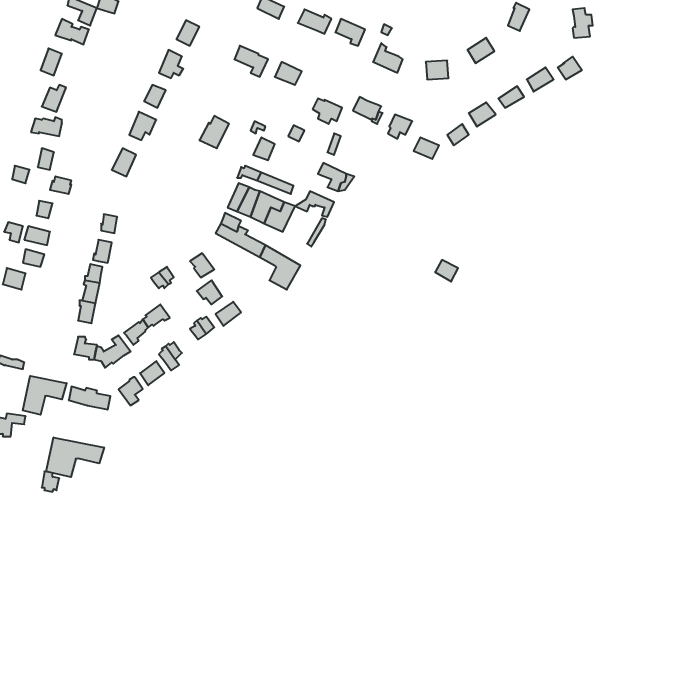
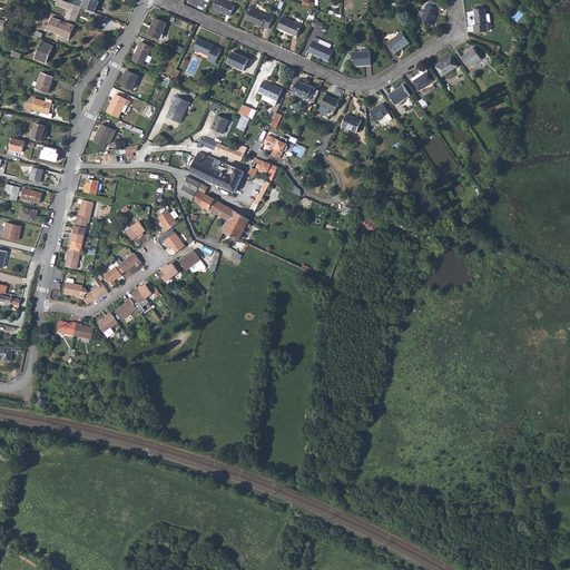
building: [23,376,67,415] -> none
building: [46,437,104,477] -> none

